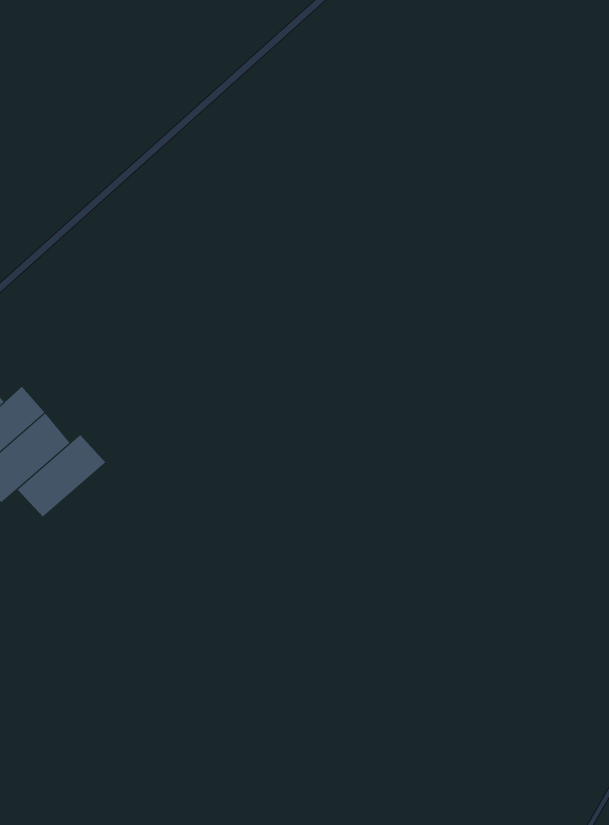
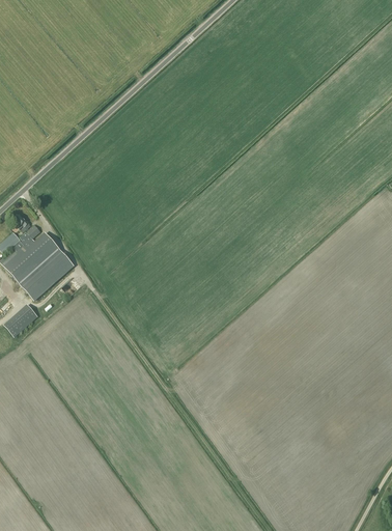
building: [17,434,106,518] -> none

